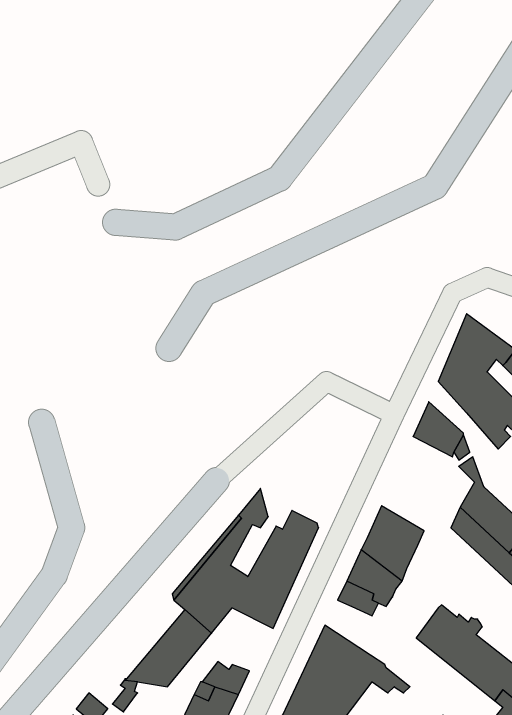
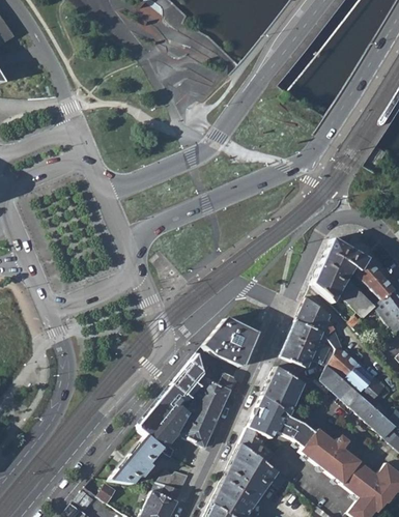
building: none -> [205,317,257,366]
building: none -> [282,319,332,368]
building: none -> [281,414,315,448]
building: none -> [240,427,275,463]

